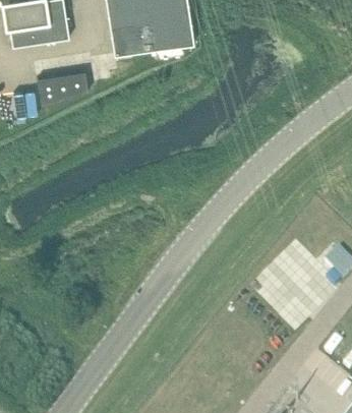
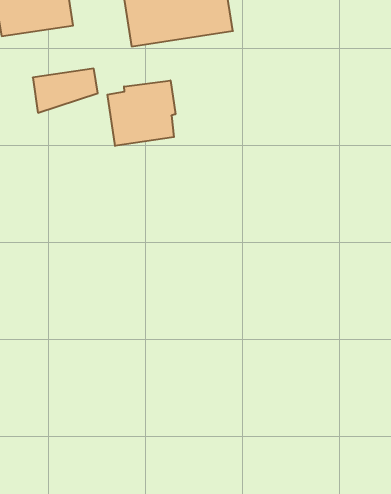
building: none -> [107,80,175,146]

